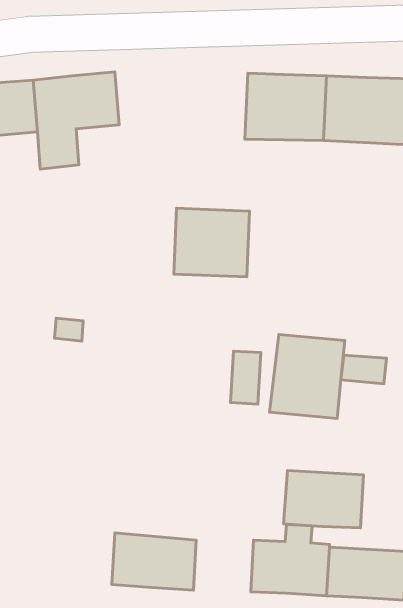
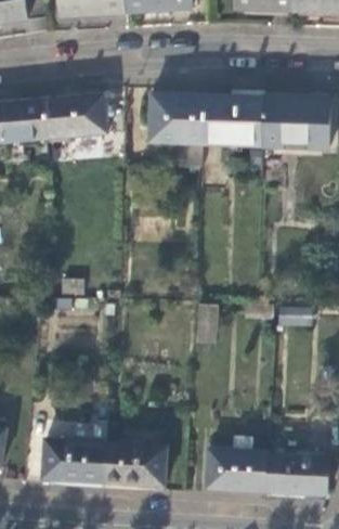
building: [174,208,250,277] -> [148,92,206,144]
building: [270,334,345,419] -> none
building: [283,470,363,528] -> none
building: none -> [42,423,106,481]

